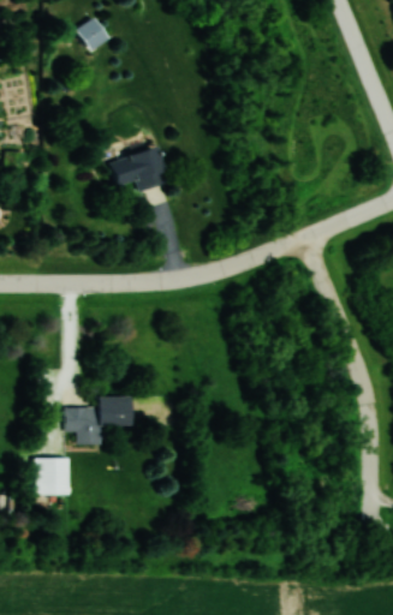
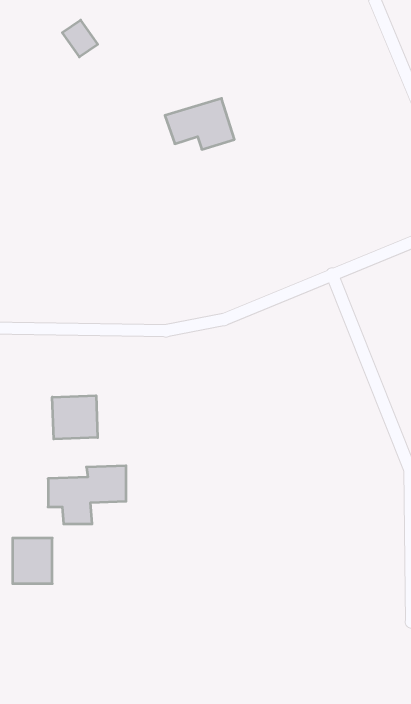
building: [109,148,168,191] -> [165,98,234,149]
building: none -> [52,396,98,439]

